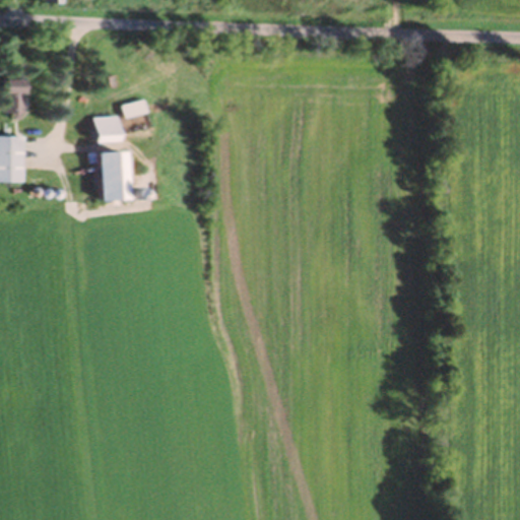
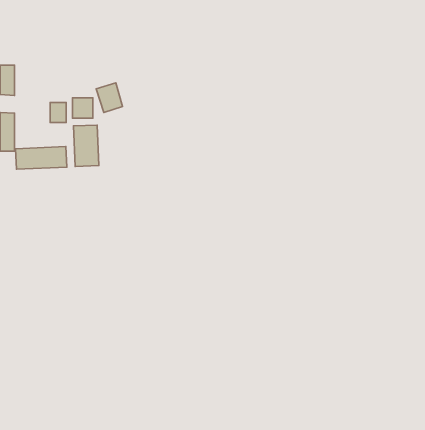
building: none -> [50,103,66,122]
building: none -> [16,147,67,169]

